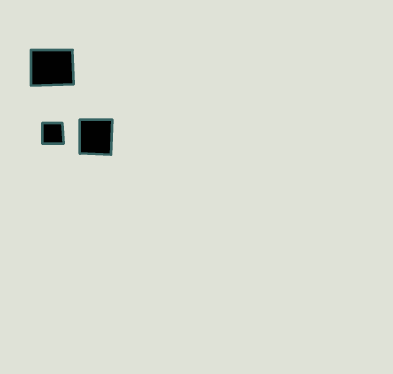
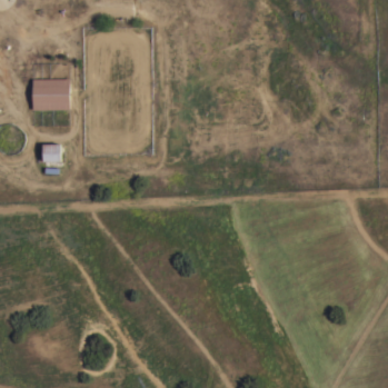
building: [80,120,112,155] -> none

